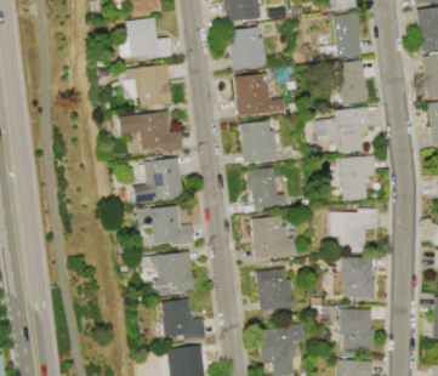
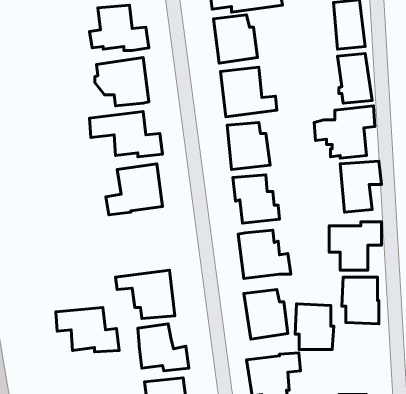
building: [138,206,194,245] -> [56,308,119,352]
building: [340,309,374,349] -> [295,304,334,350]

